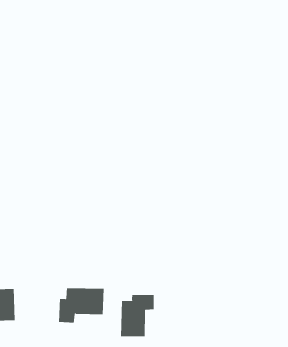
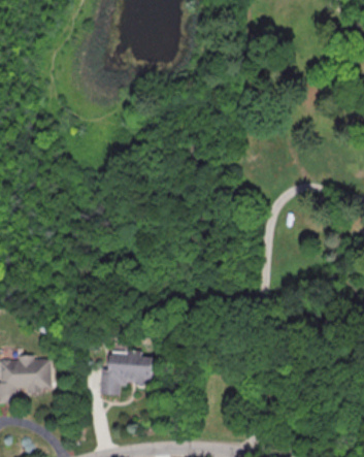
building: [121,294,154,337] -> none

